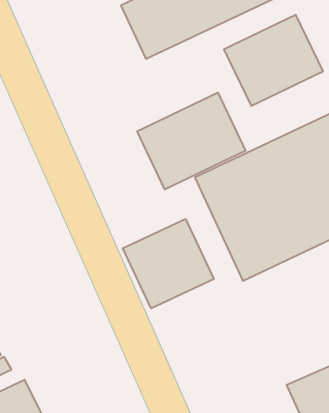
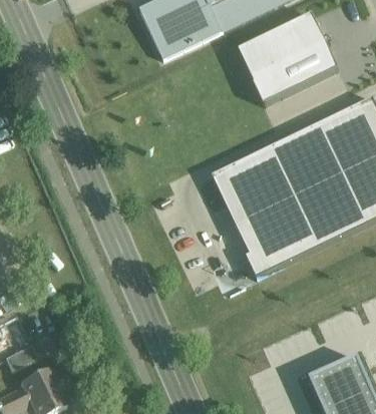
building: [137,93,246,189] -> none
building: [123,219,214,308] -> none

